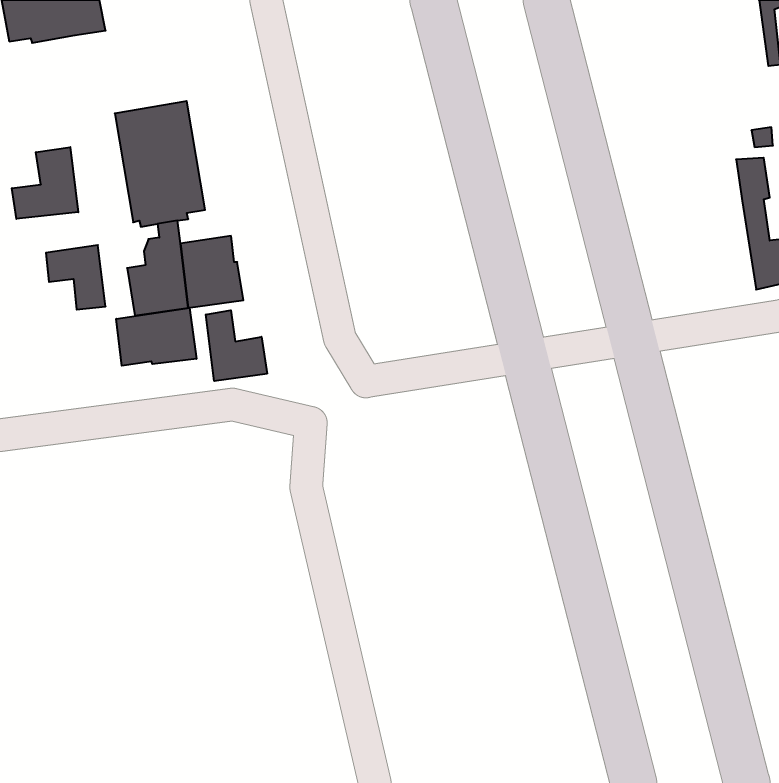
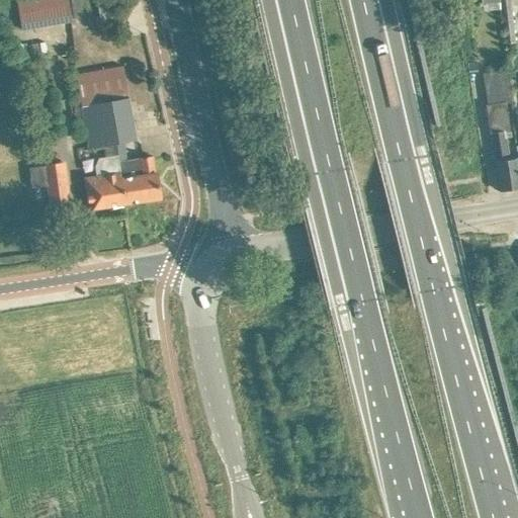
building: [12,147,78,219] -> none
building: [116,308,196,366] -> none
building: [206,310,267,381] -> none

